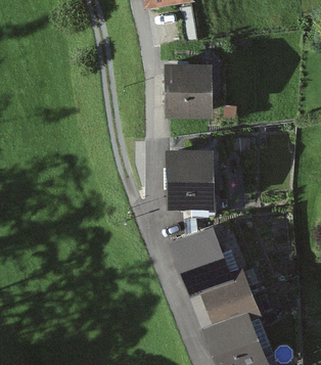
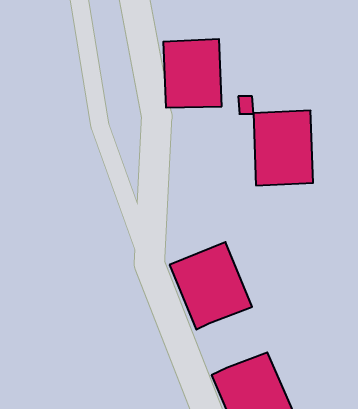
building: [166,151,214,212] -> [253,111,313,185]
building: [200,275,262,329] -> none

